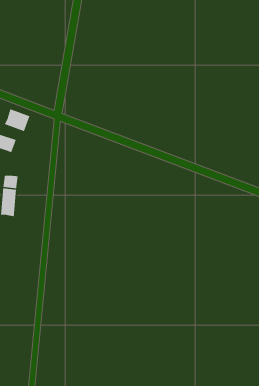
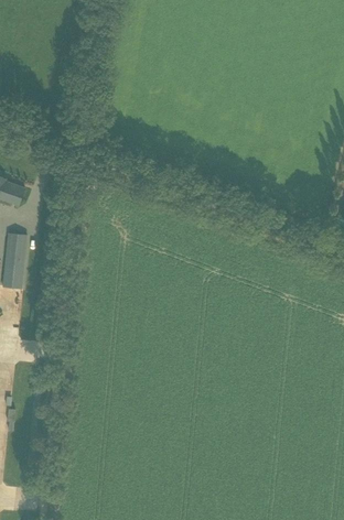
building: [4,108,30,132] -> none

